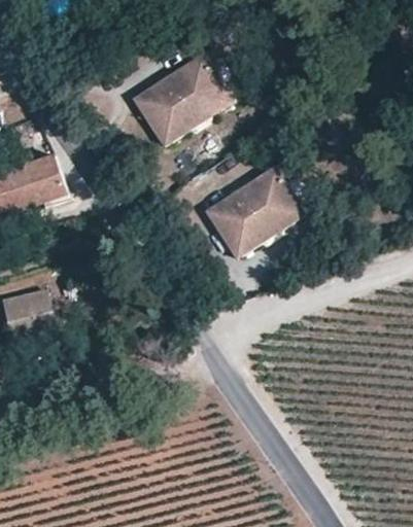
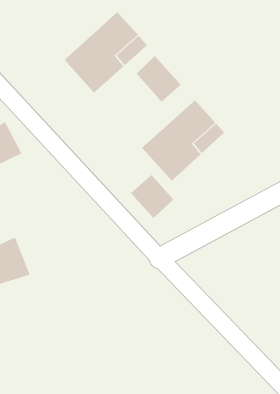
building: none -> [136,55,181,102]
building: none -> [130,174,174,219]

